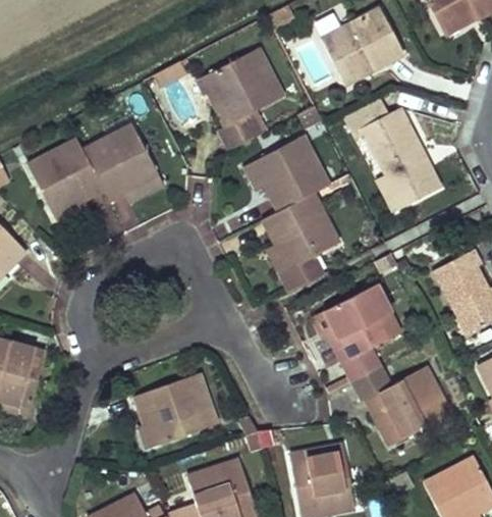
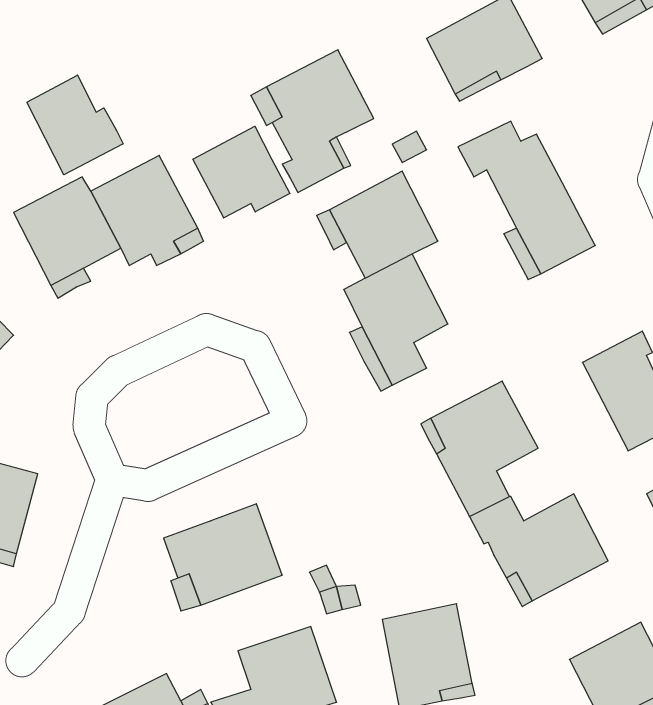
building: none -> [27,75,123,175]
building: none -> [193,126,290,218]

